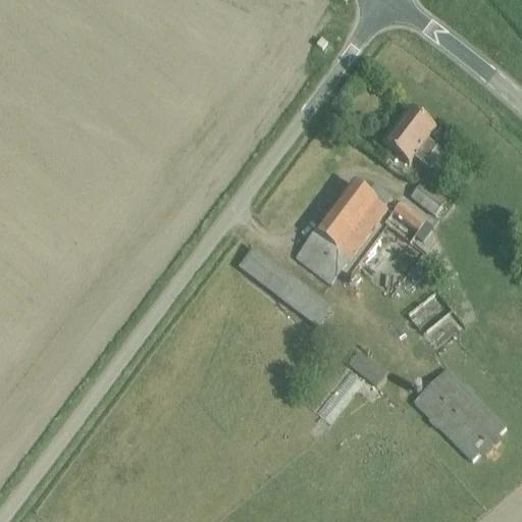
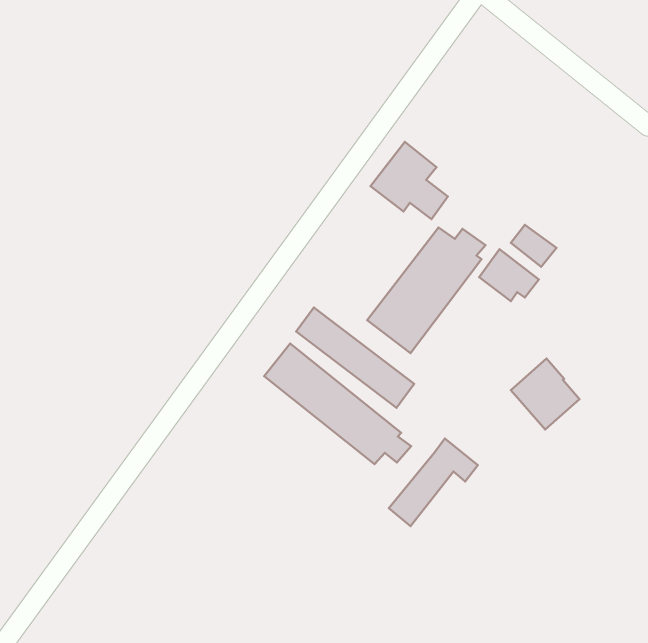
building: [381,107,443,169] -> [370,142,448,219]
building: none -> [264,343,411,464]
building: [396,368,506,460] -> none

